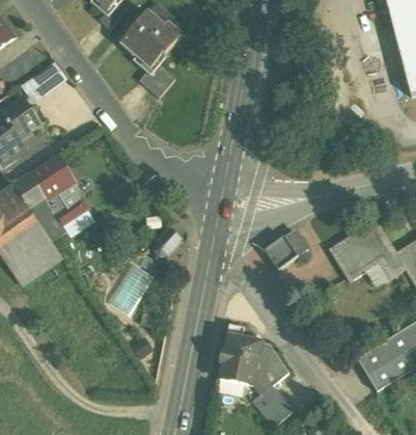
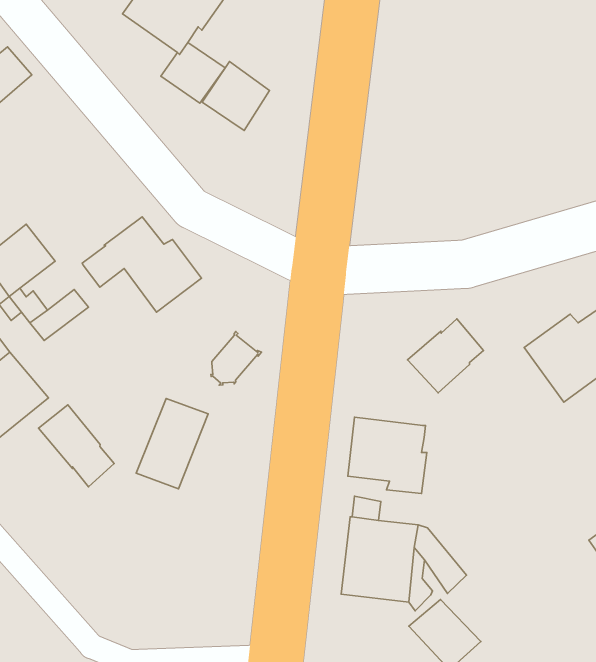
building: none -> [202,62,269,131]
building: none -> [82,217,201,312]
building: none -> [38,405,114,487]
building: none -> [348,417,427,493]

